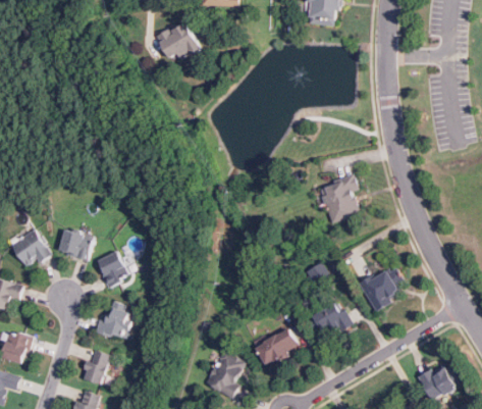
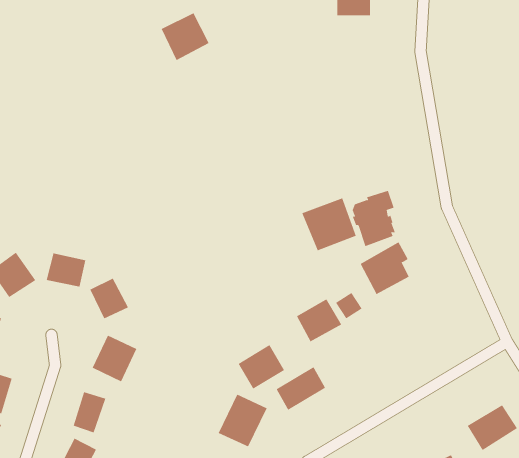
building: none -> [302,198,356,251]
building: [360,264,403,310] -> [360,241,410,295]
building: [309,301,349,339] -> [296,298,342,342]
building: none -> [238,344,285,390]

